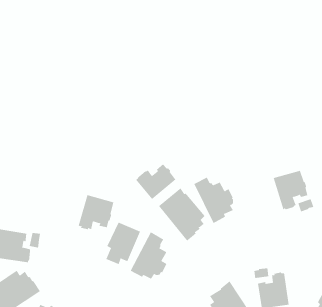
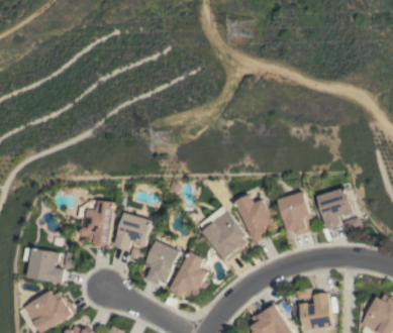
building: [135,163,176,200] -> none
building: none -> [276,191,309,234]
building: none -> [77,199,113,247]

